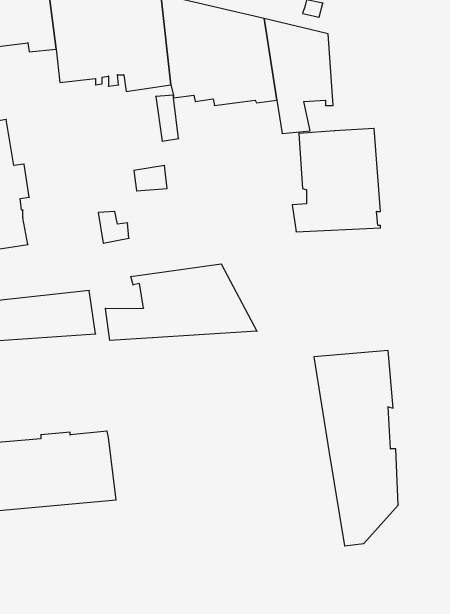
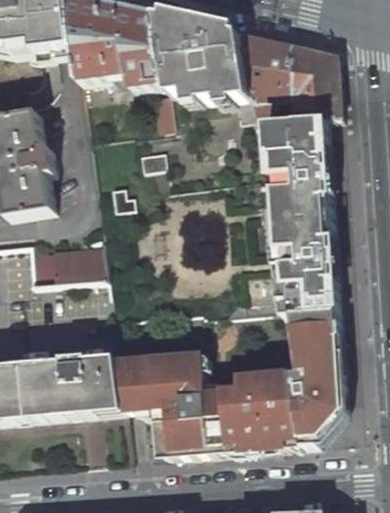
building: none -> [287,41,338,117]
building: none -> [262,193,334,295]
building: [105,264,257,340] -> none
building: none -> [114,351,300,453]

